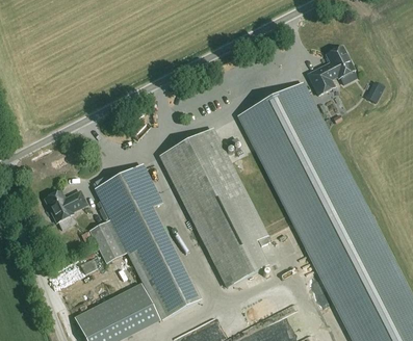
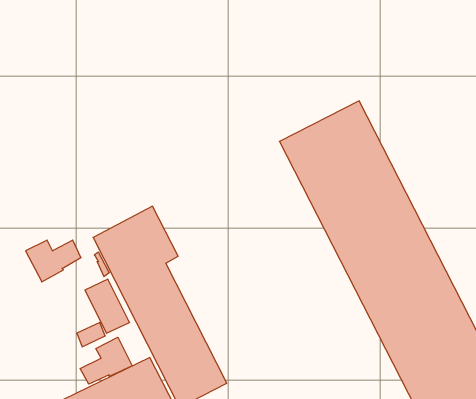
building: [308,46,354,95] -> none
building: [160,129,268,287] -> none
building: none -> [80,337,132,384]

